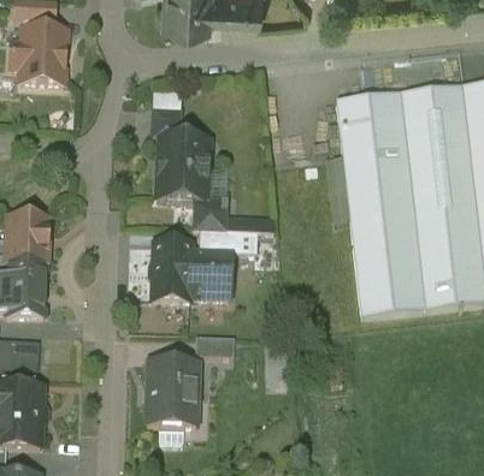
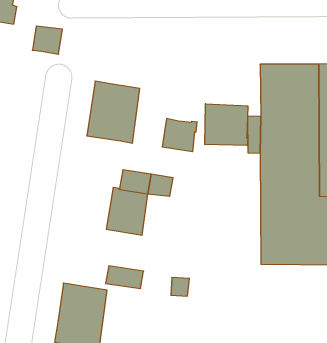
building: [149,111,179,138] -> [32,26,62,54]
building: none -> [205,104,248,146]
building: [193,198,228,231] -> [162,119,197,152]
building: [152,242,191,301] -> none

